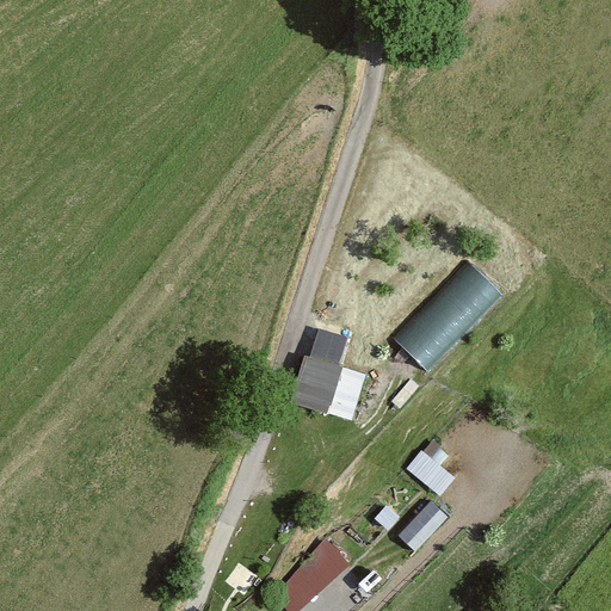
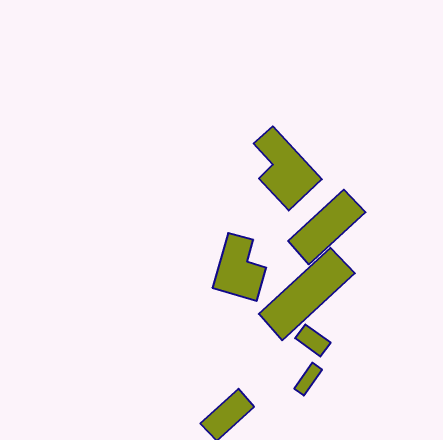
building: none -> [254,126,322,211]
building: none -> [259,248,355,340]

